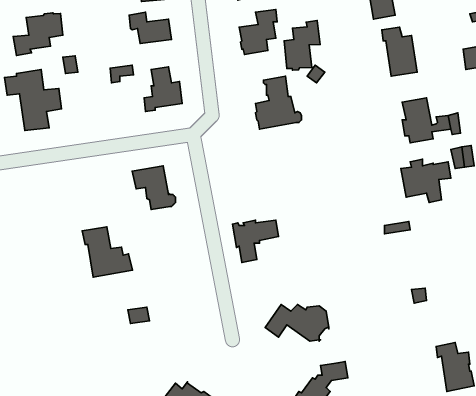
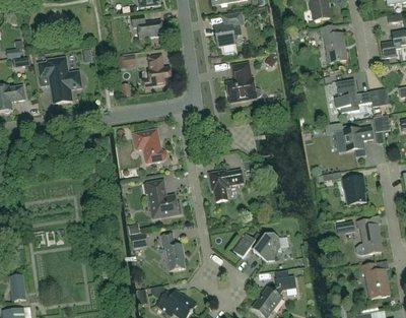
building: [13,13,63,56] -> none
building: [284,21,320,70] -> none
building: [82,227,133,277] -> [144,180,182,217]
building: none -> [341,175,365,203]
building: none -> [355,218,382,253]
building: none -> [160,233,184,270]

